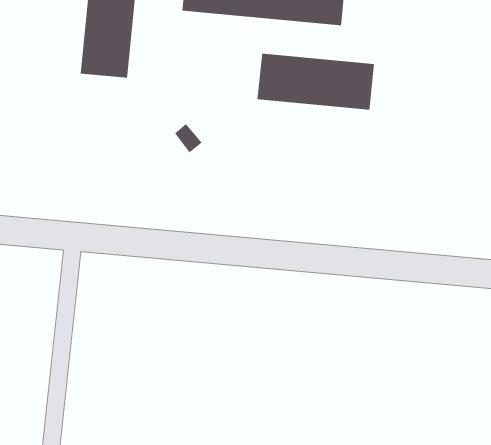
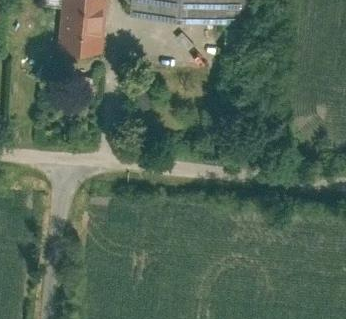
building: [257,53,375,111] -> none

